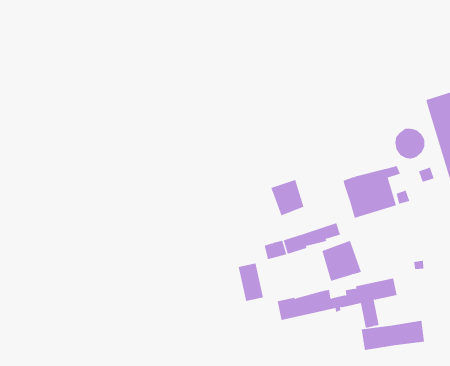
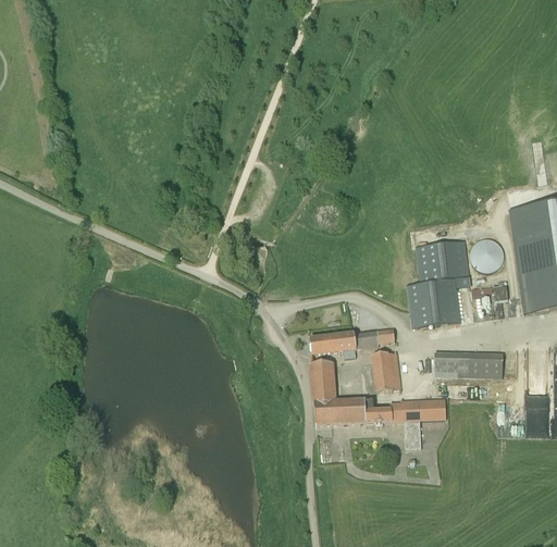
building: none -> [416,239,469,281]
building: [270,179,304,216] -> none
building: [238,263,264,302] -> [311,362,334,402]
building: [361,320,425,351] -> [434,351,503,376]

